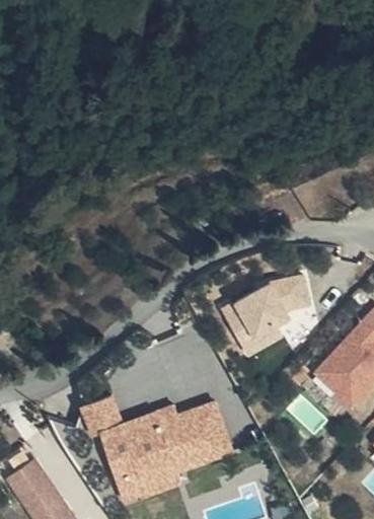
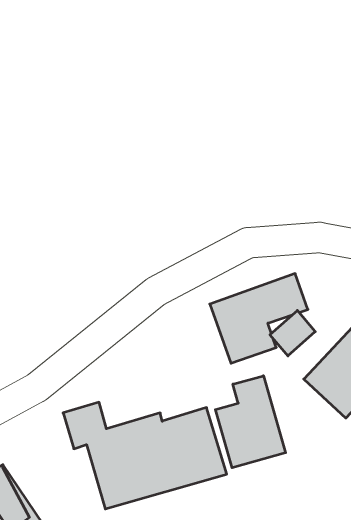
building: none -> [215,376,286,468]

